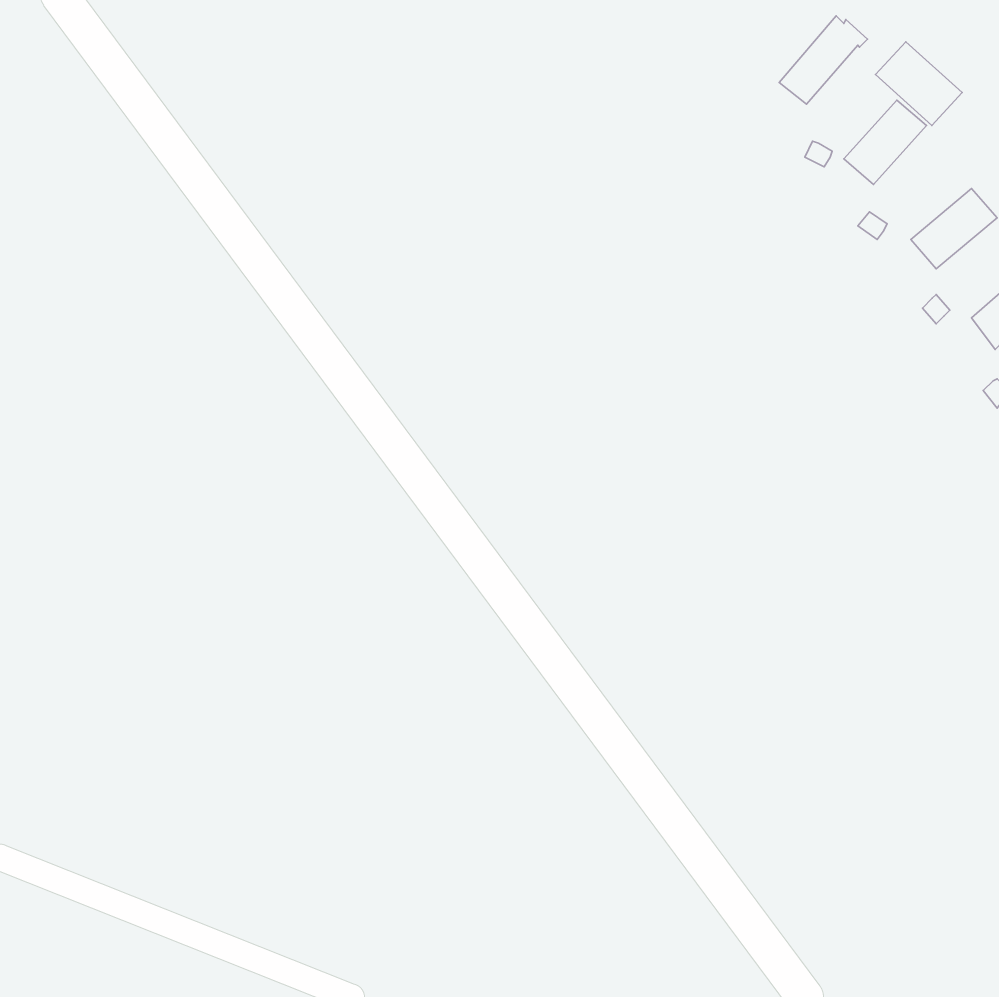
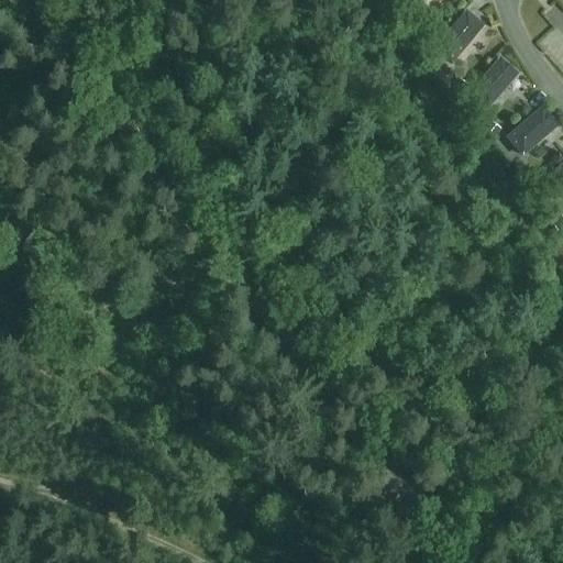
building: [875,42,962,125] -> none

